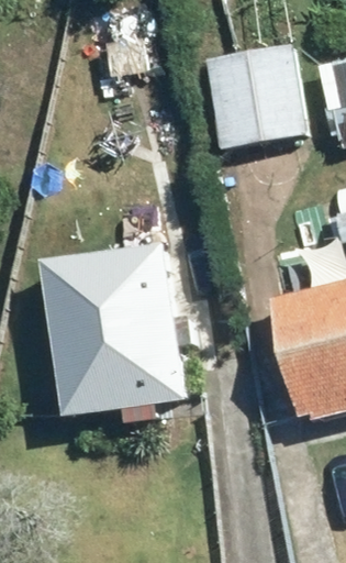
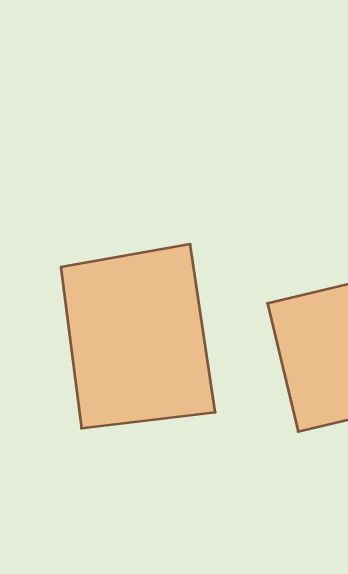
building: [219,38,321,146] -> none

